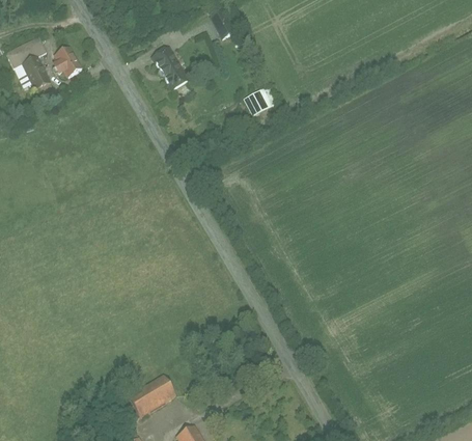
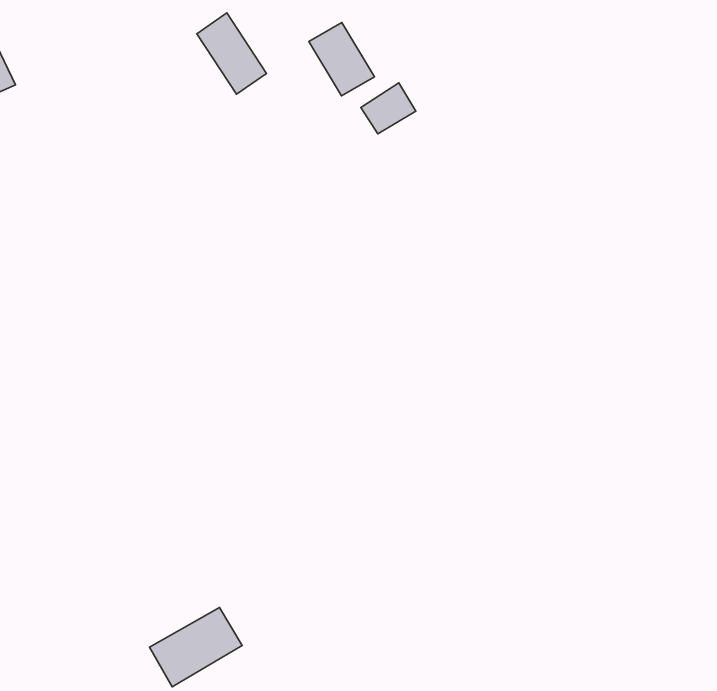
building: [51,45,83,78] -> none
building: none -> [309,22,375,96]

